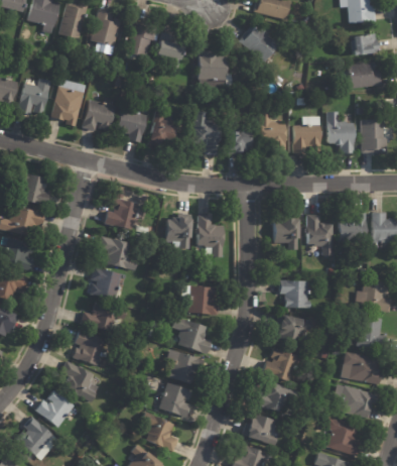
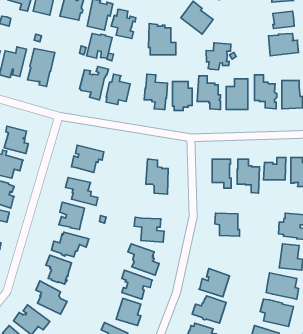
building: none -> [206,43,231,70]
building: [83,100,114,130] -> [86,33,112,58]
building: [164,213,189,248] -> none
building: [276,315,312,343] -> none

